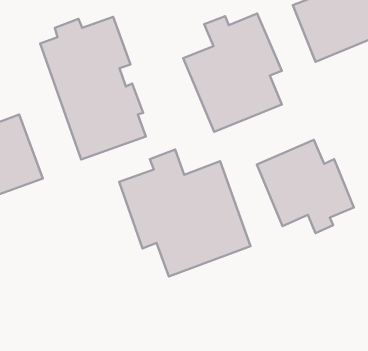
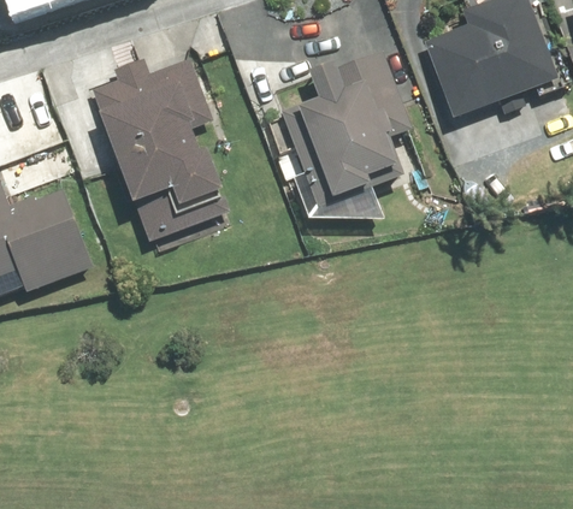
building: [257,140,354,233] -> none
building: [119,150,251,276] -> none

